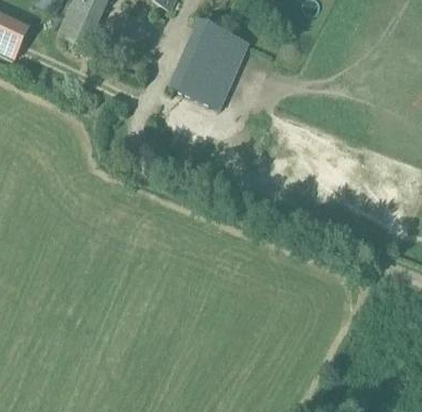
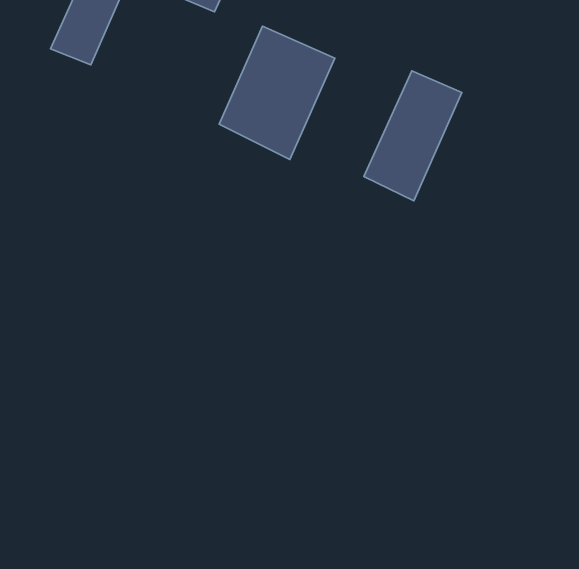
building: none -> [364,71,462,201]

